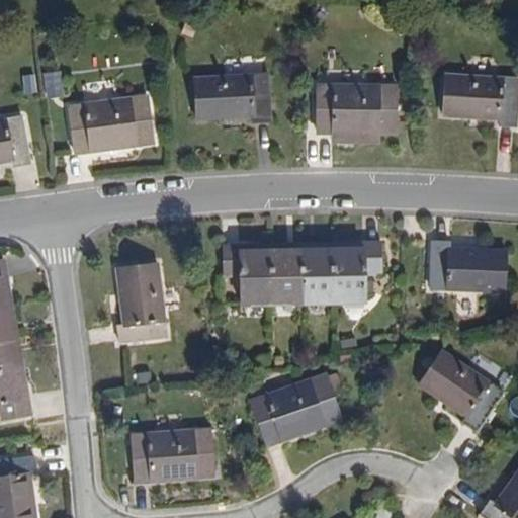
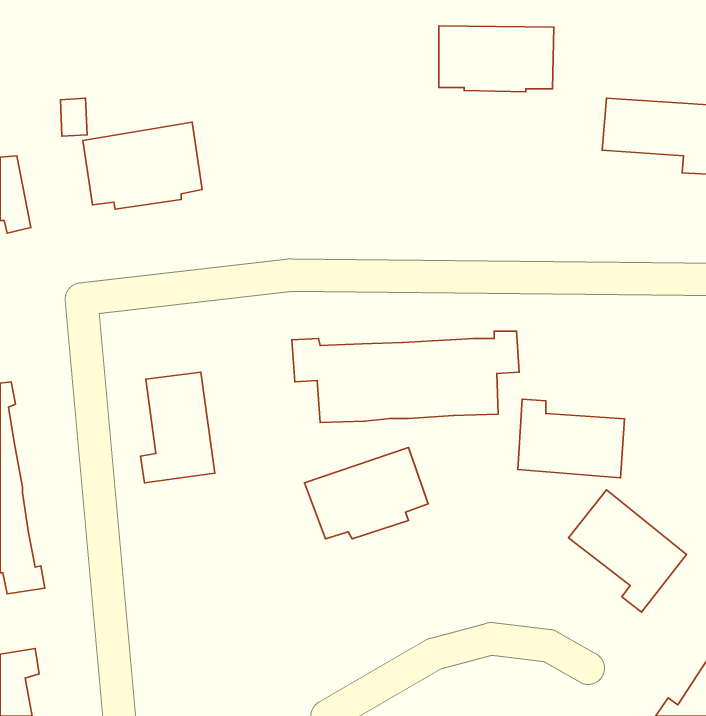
building: [191,72,267,121] -> none
building: [312,84,395,132] -> [439,26,554,92]
building: [435,238,512,294] -> [518,399,625,478]
building: [247,376,336,442] -> [305,448,428,539]
building: [125,433,211,487] -> none

